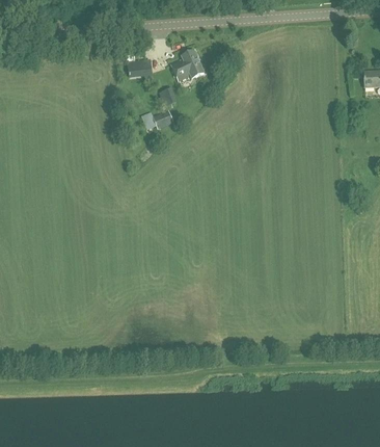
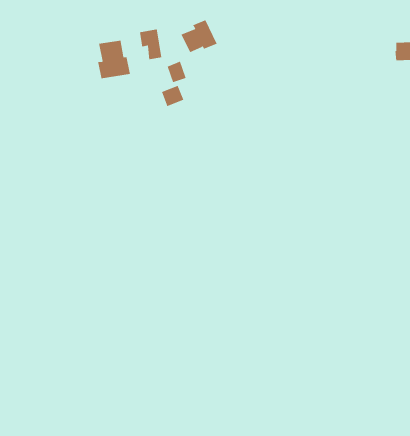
building: none -> [98,40,130,79]

